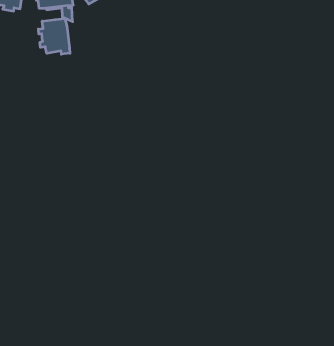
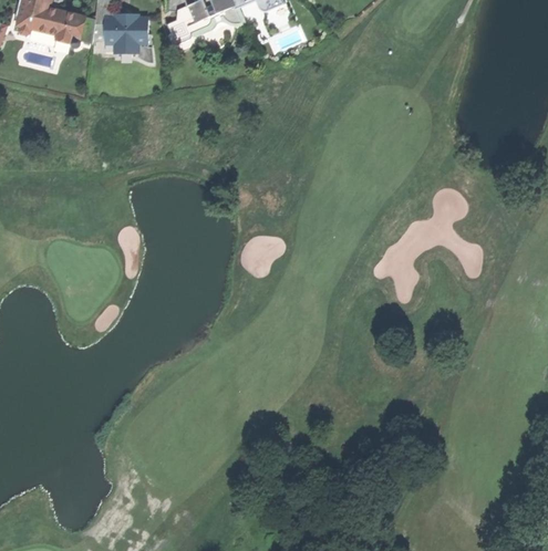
building: [38,18,70,54] -> none

